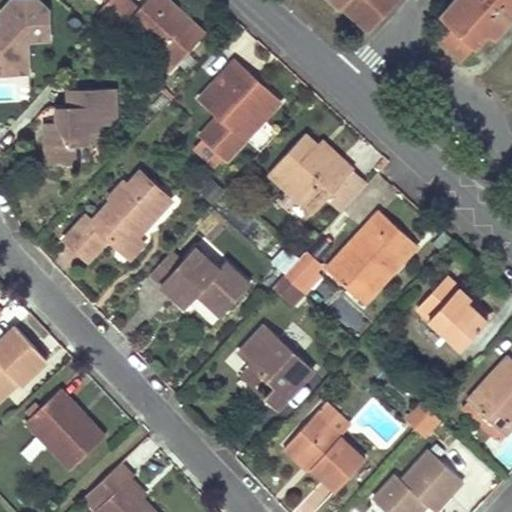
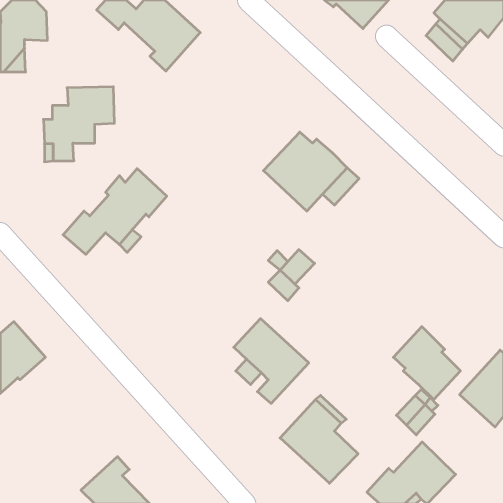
building: [199,60,280,160] -> none
building: [326,211,417,304] -> none
building: [161,247,251,315] -> none
building: [418,276,486,350] -> [393,327,460,400]
building: [26,389,105,469] -> none

